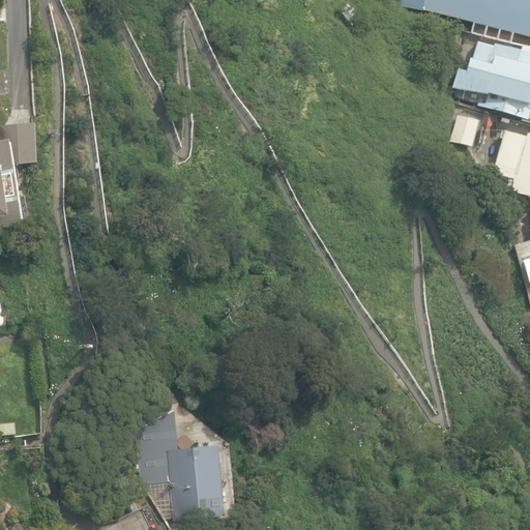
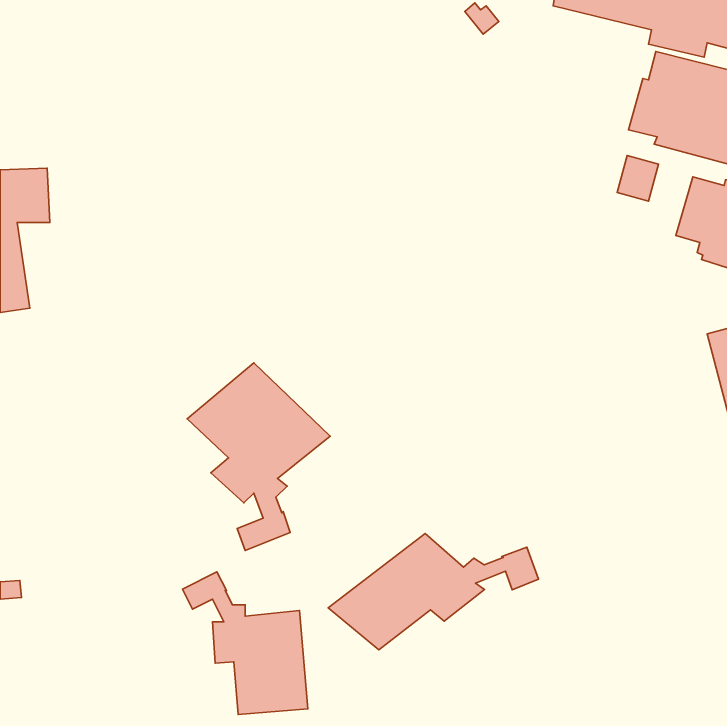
building: none -> [187,363,330,550]
building: none -> [328,533,539,650]

